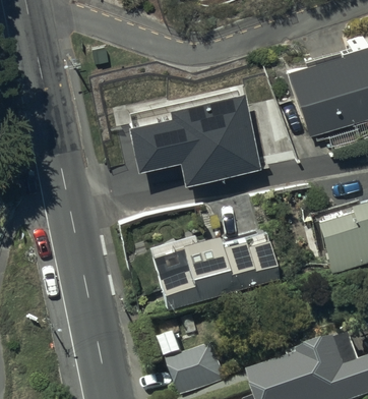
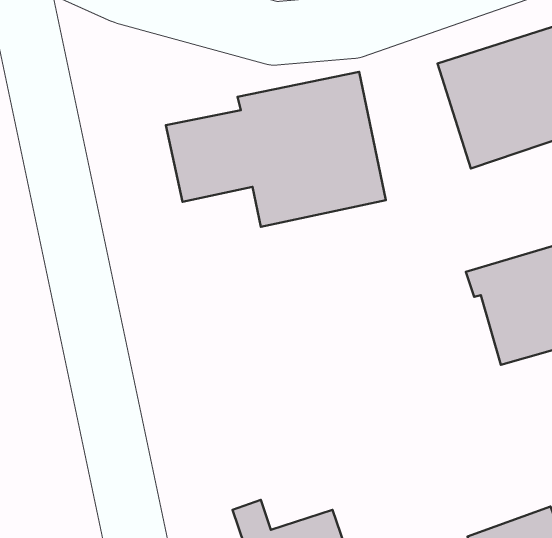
building: [150,237,282,314] -> none

